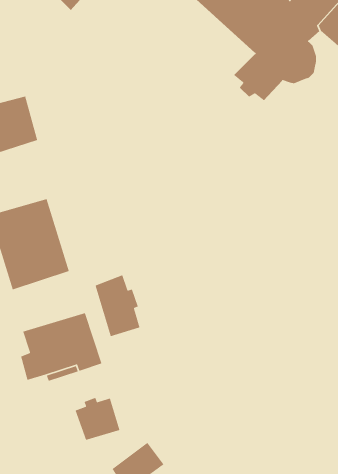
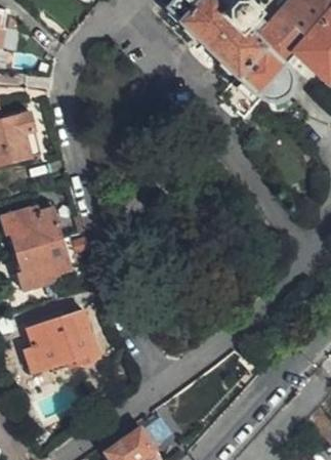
building: [94,274,141,337] -> none
building: [75,397,121,441] -> none

